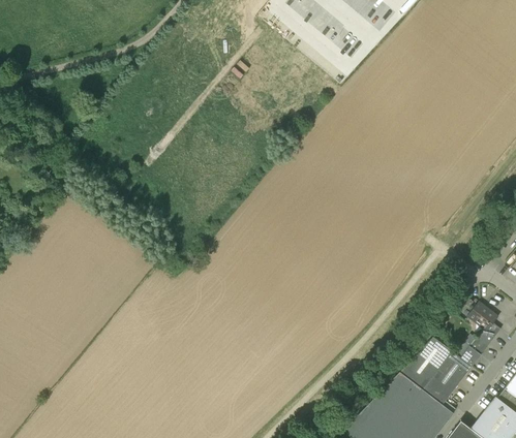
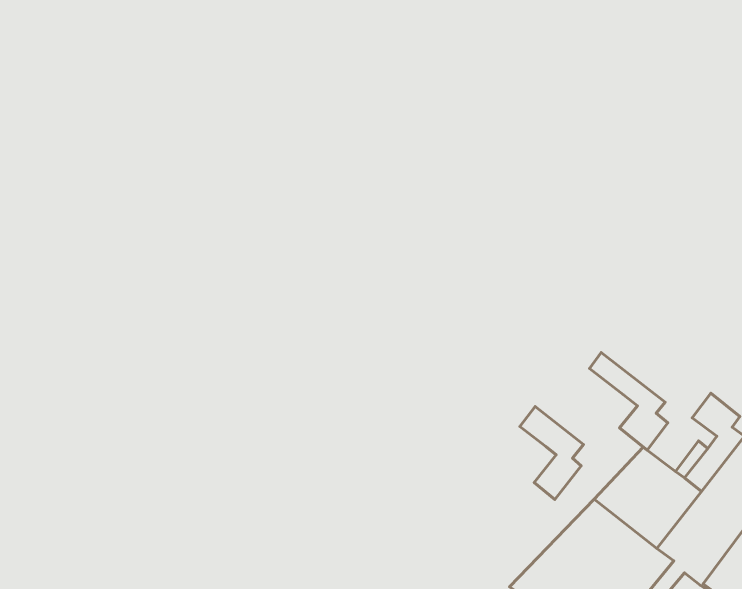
building: none -> [589,352,668,450]
building: none -> [520,406,583,500]

